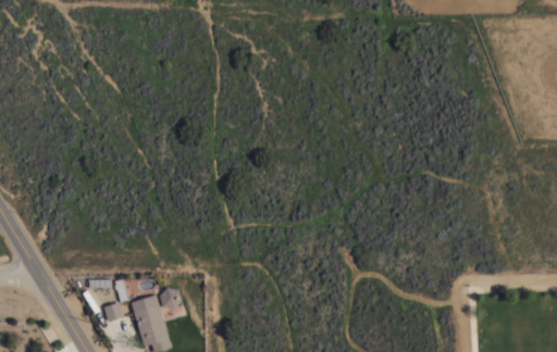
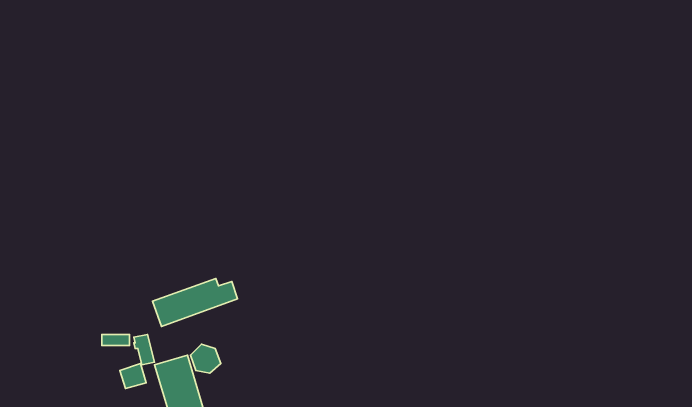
building: none -> [152,278,237,326]

